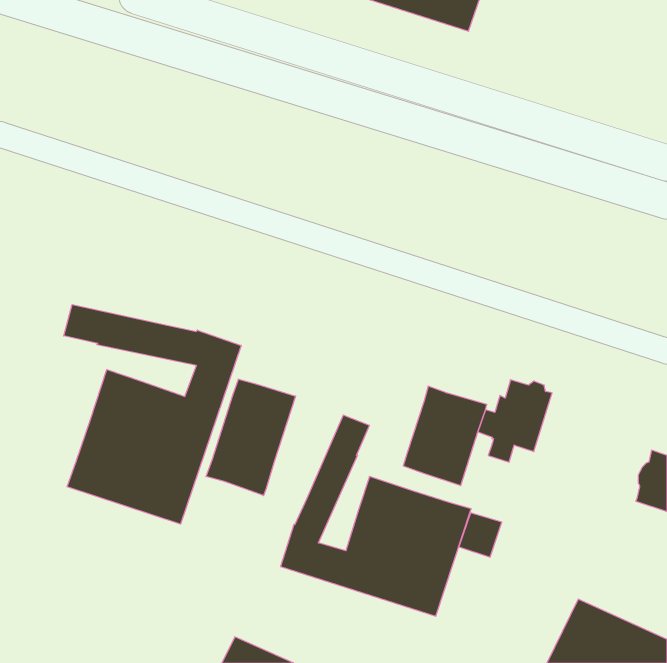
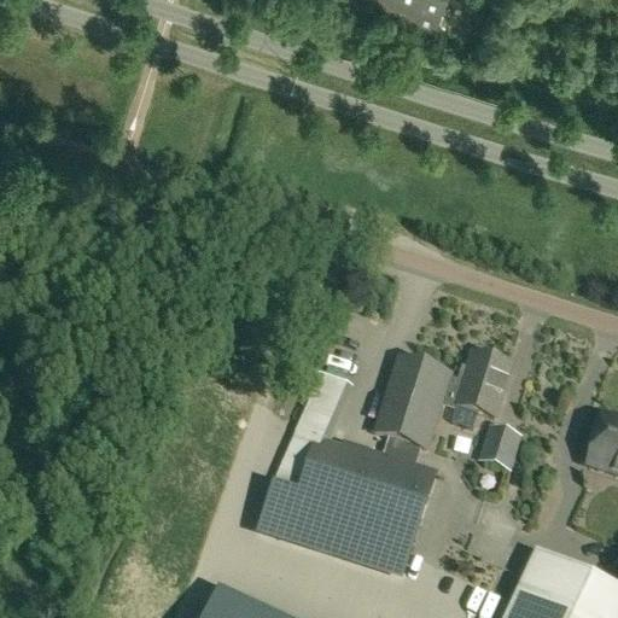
building: [64,305,241,524] -> none
building: [206,379,296,496] -> none
building: [459,513,502,557] -> [479,427,519,468]

